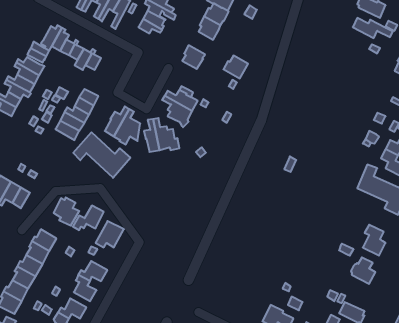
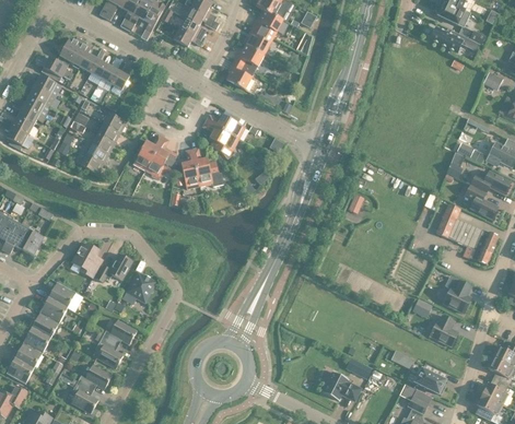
building: [223,56,248,78] -> [234,44,264,71]
building: [73,132,130,178] -> none

